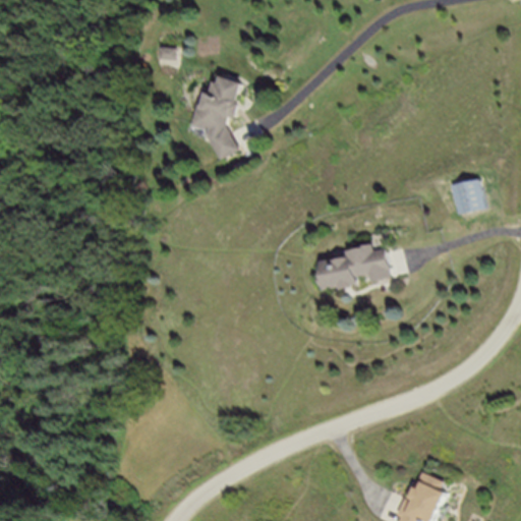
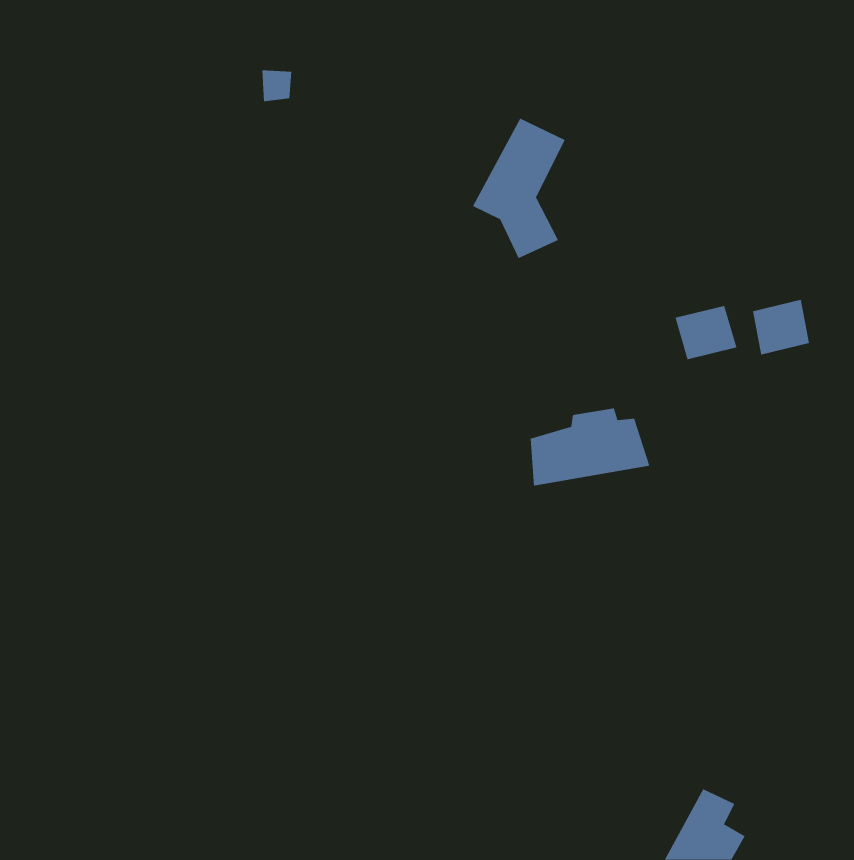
building: [187,74,243,159] -> [472,118,566,259]
building: none -> [675,305,737,360]

